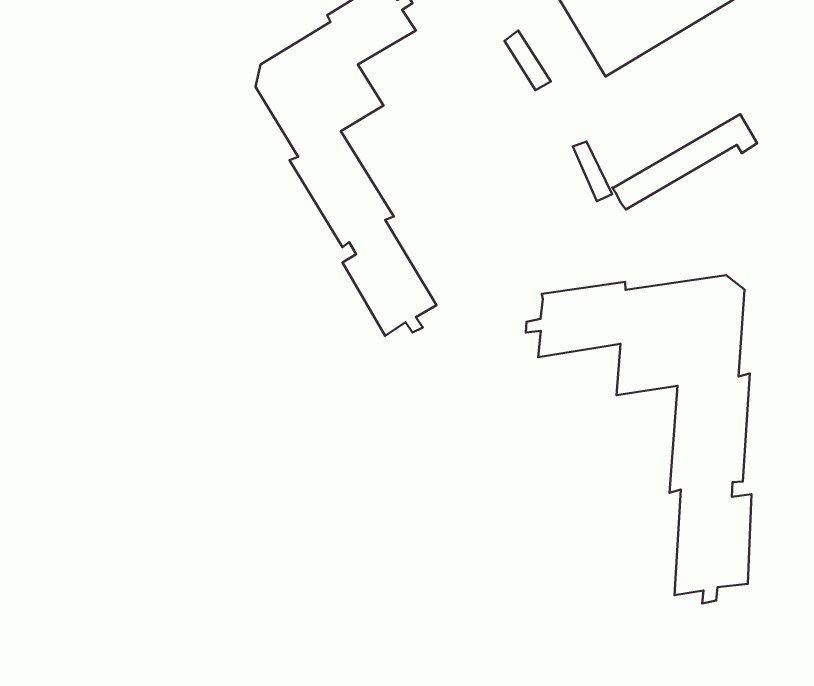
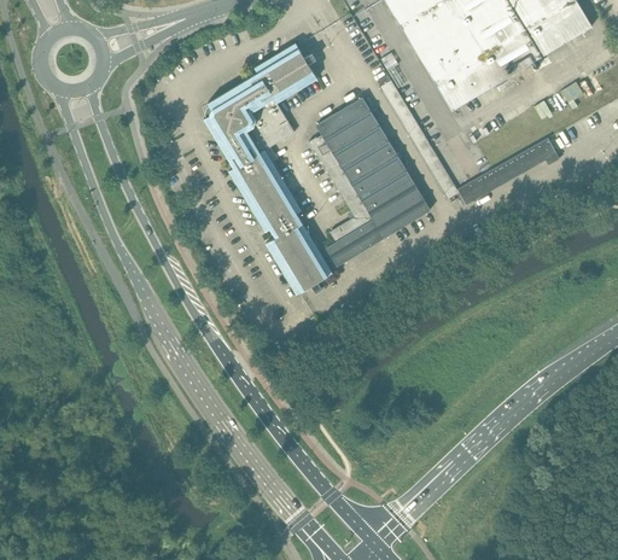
building: none -> [308,97,430,266]
building: [526,275,752,603] -> none

